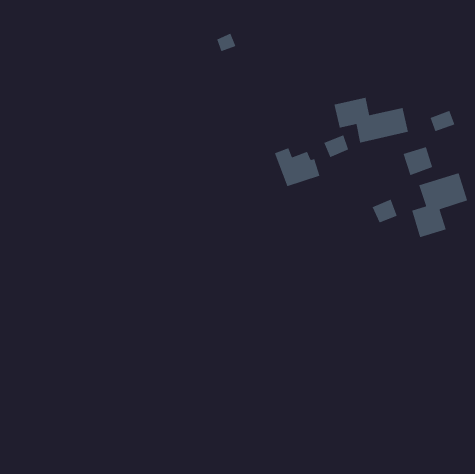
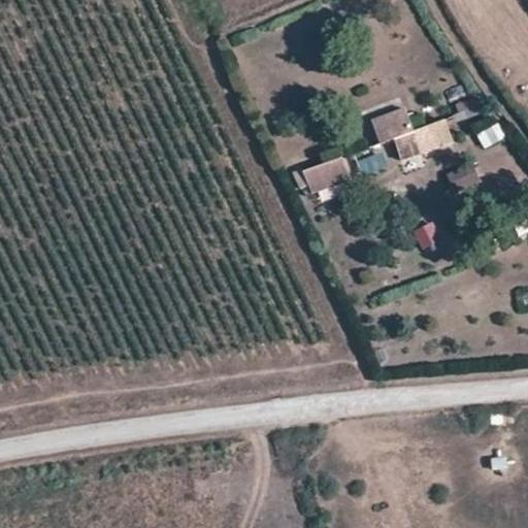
building: [411,172,468,238] -> none

